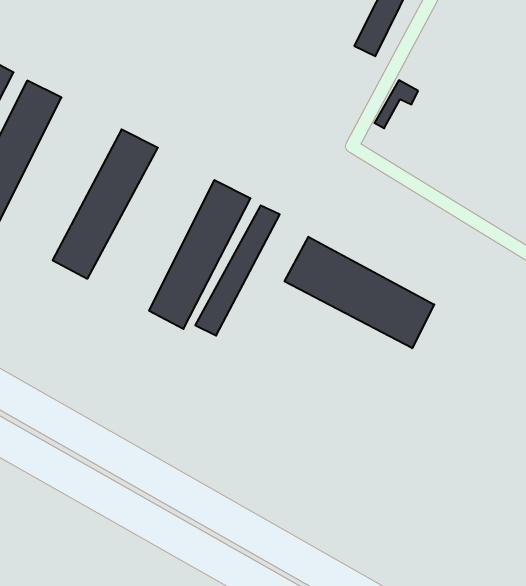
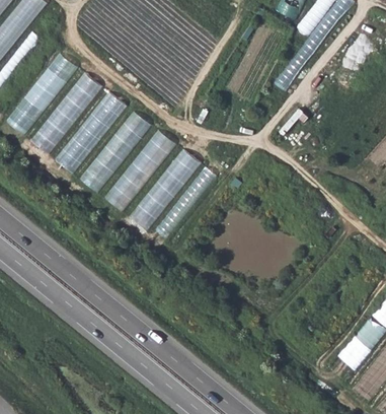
building: none -> [56,90,125,174]
building: none -> [104,128,174,211]
building: [285,237,434,348] -> none

